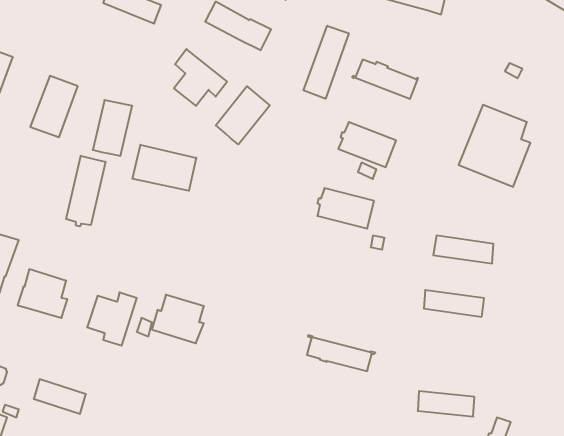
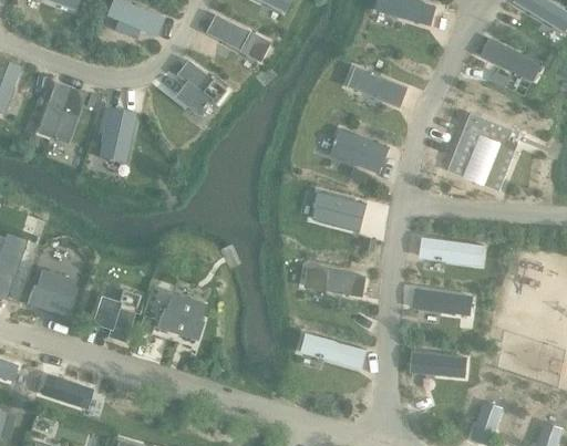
building: [303,26,349,99] -> none
building: none -> [481,38,542,81]
building: [216,86,270,144] -> none
building: [132,145,196,191] -> none
building: [66,156,106,226] -> none
building: none -> [306,265,367,297]
building: [418,391,474,417] -> [412,352,466,376]

